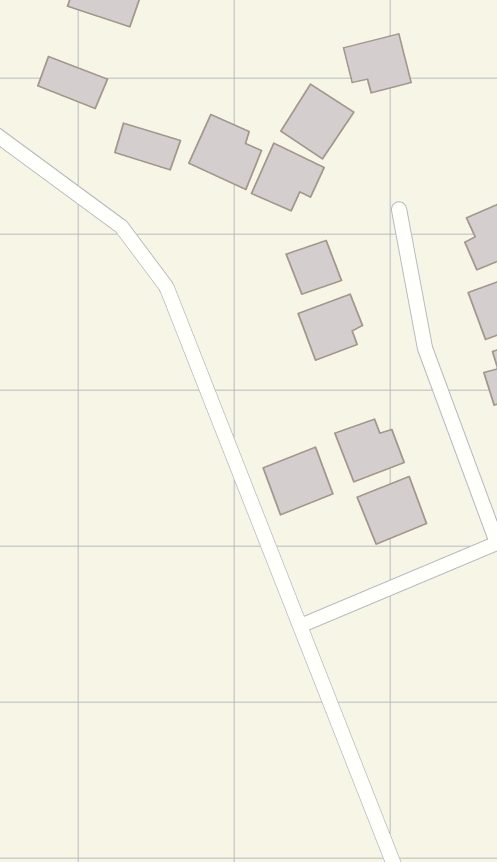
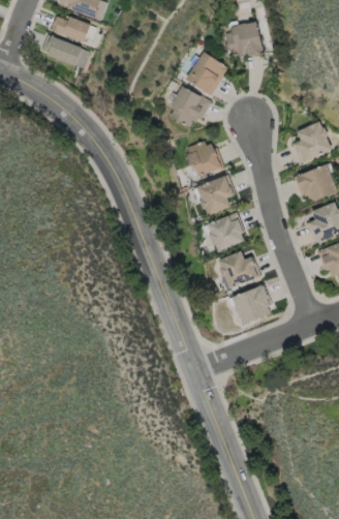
building: [189,115,262,189] -> none
building: [115,123,181,170] -> [51,14,90,42]
building: [263,447,333,515] -> [205,213,246,253]

